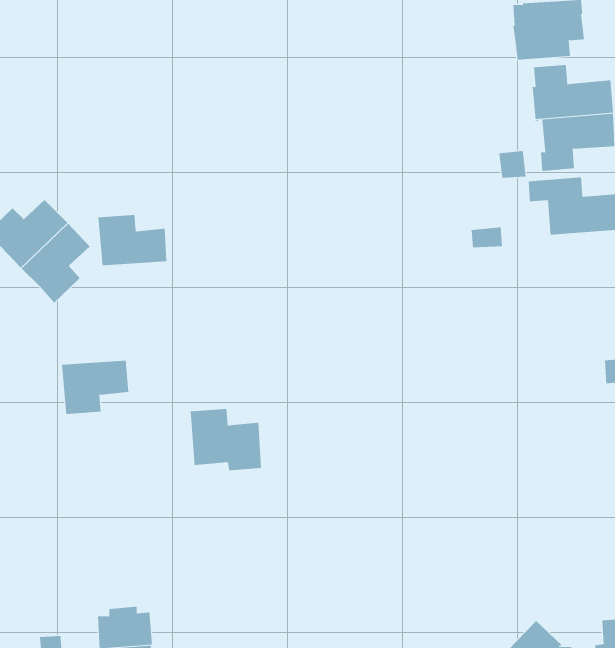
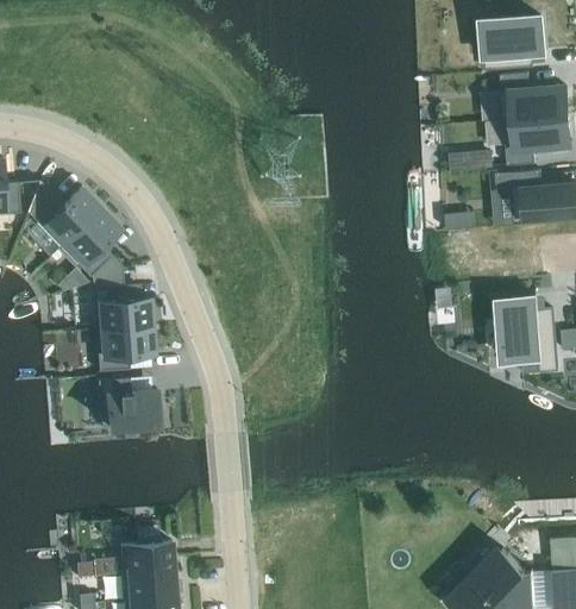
building: [98,214,167,266] -> [92,285,151,329]
building: none -> [499,297,557,371]
building: [190,408,262,471] -> [98,378,159,432]

